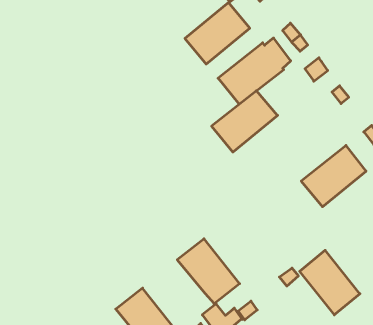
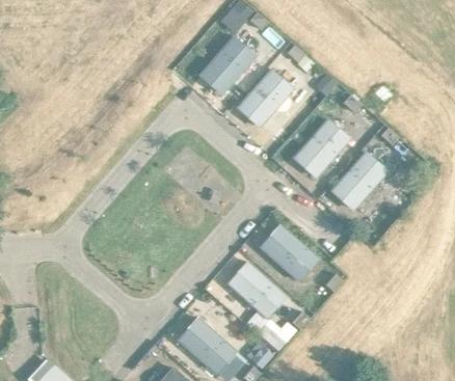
building: [212,91,278,152] -> [291,118,351,180]
building: [300,250,360,315] -> [259,223,319,282]

